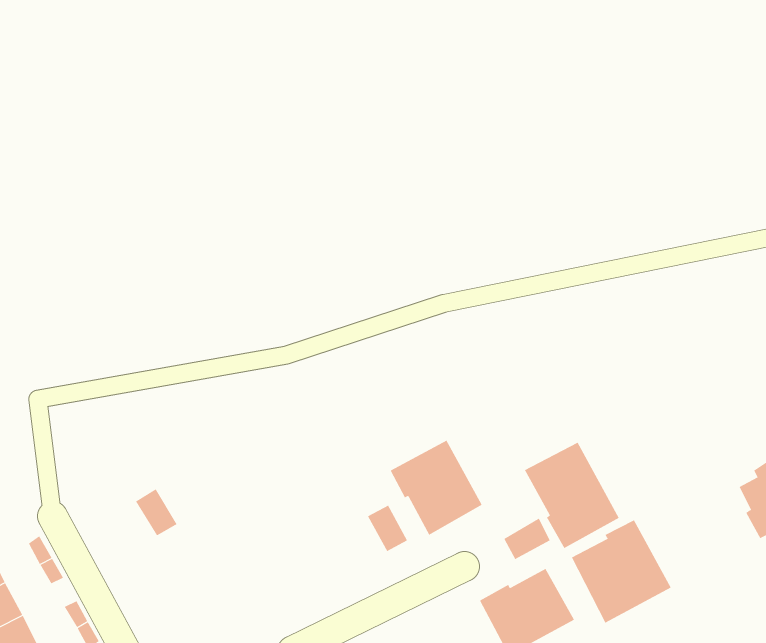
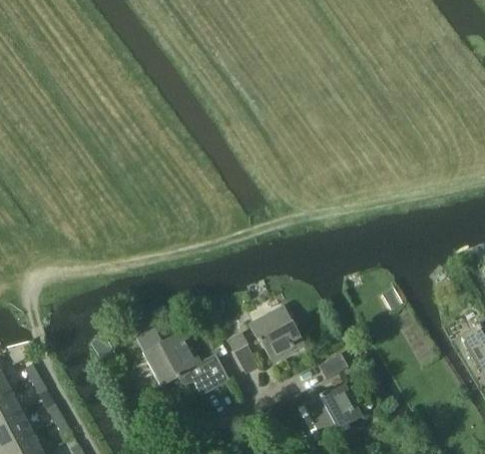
building: [524,442,620,549] -> none
building: none -> [135,329,228,395]
building: [571,519,671,623] -> none

